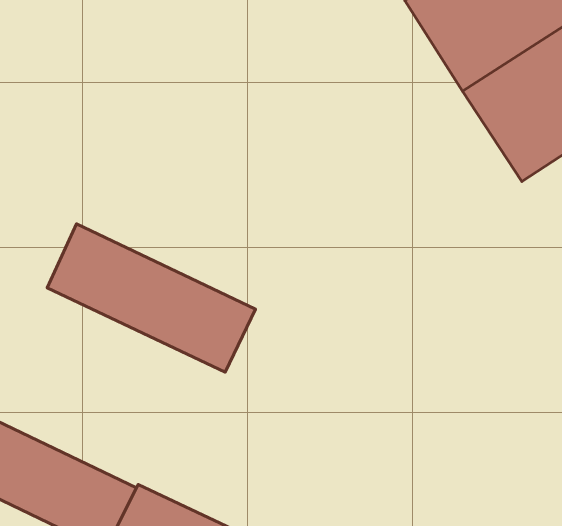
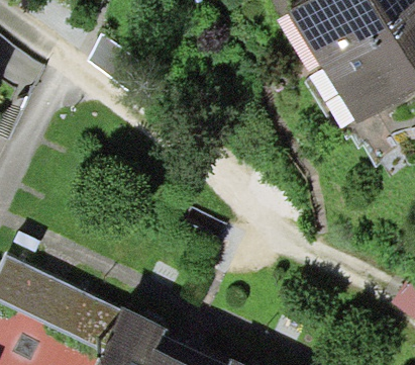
building: [47,224,255,372] -> none

